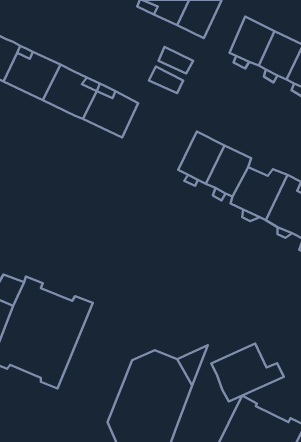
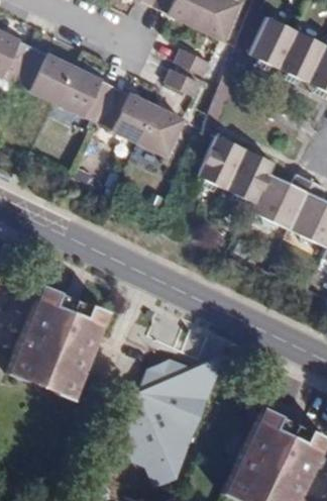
building: none -> [139,106,185,155]
building: [211,344,284,401] -> none

